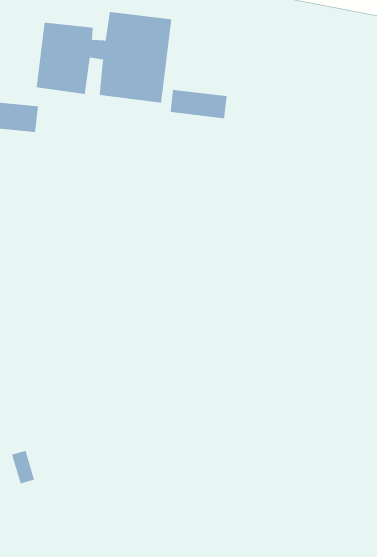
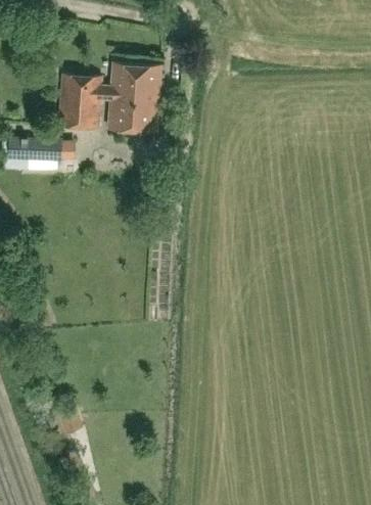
building: [170,89,227,119] -> none

